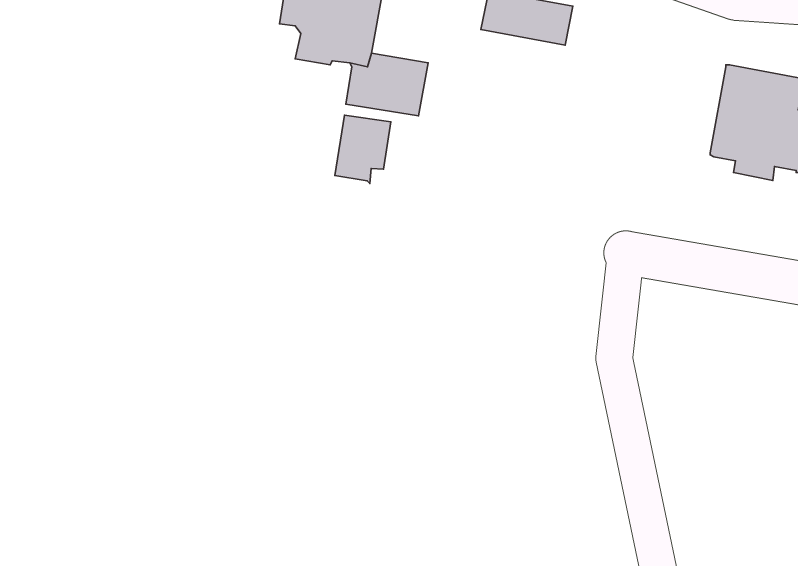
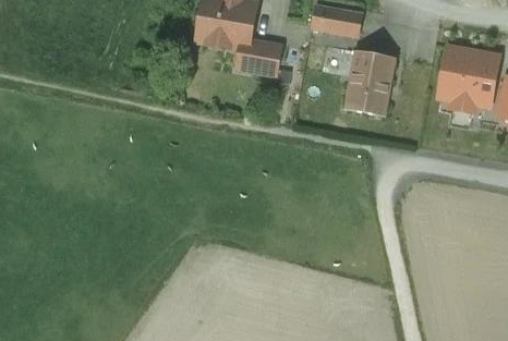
building: none -> [344,50,394,114]
building: [335,115,391,183] -> none

